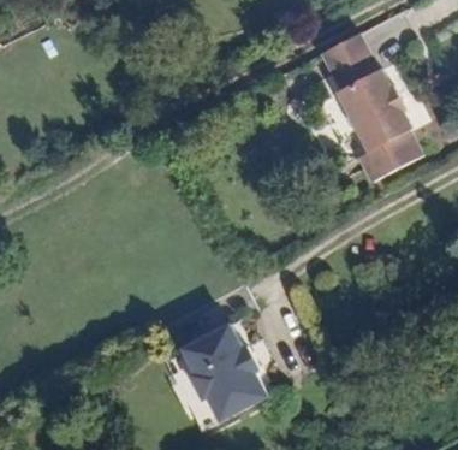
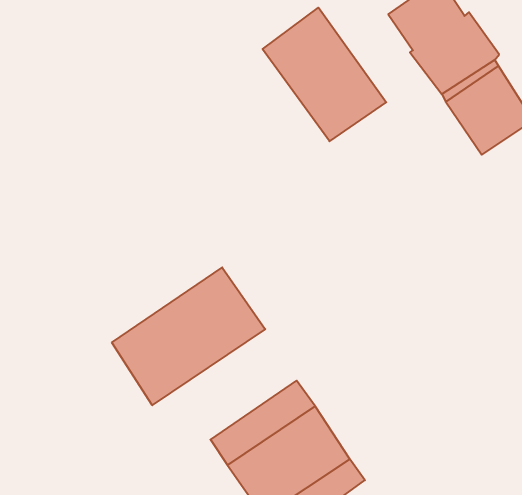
building: none -> [263,8,386,141]
building: none -> [112,267,265,405]

